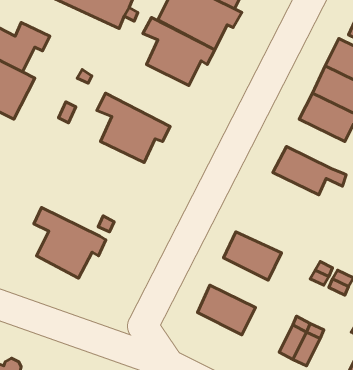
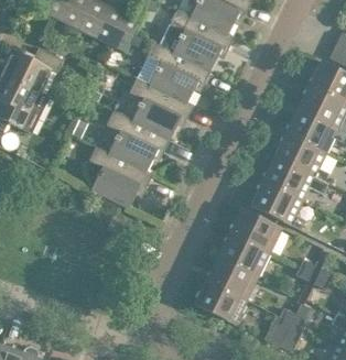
building: none -> [129,78,193,140]
building: none -> [273,133,327,182]
building: none -> [249,181,304,230]
building: none -> [228,208,281,252]
building: [34,208,106,278] -> [88,146,152,209]
building: none -> [205,257,257,301]

